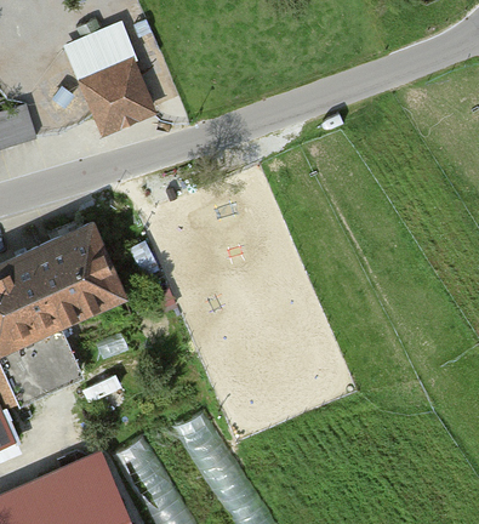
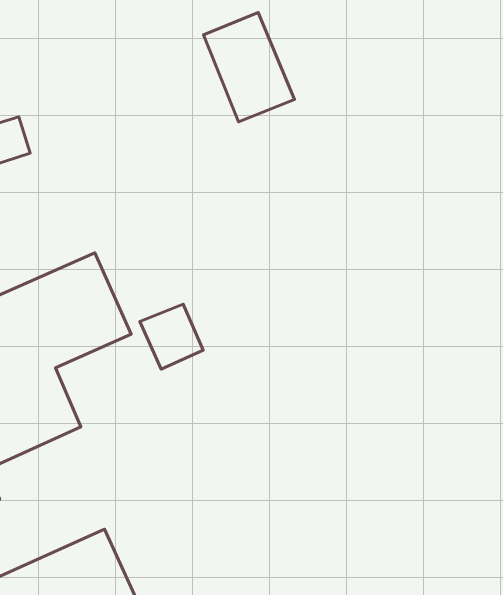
building: [72,36,150,131] -> [203,12,295,122]
building: none -> [140,304,203,369]

